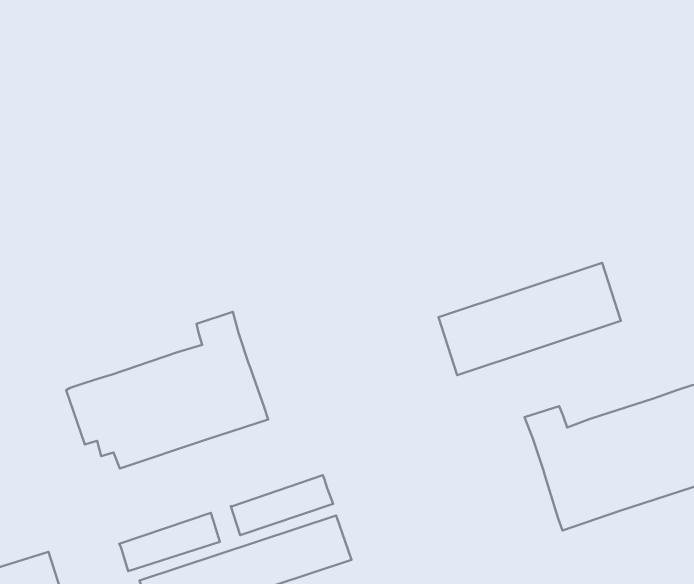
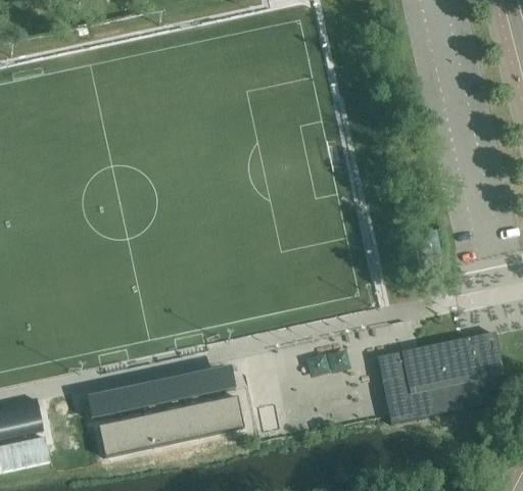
building: [439,263,621,375] -> none
building: [66,312,268,469] -> none

